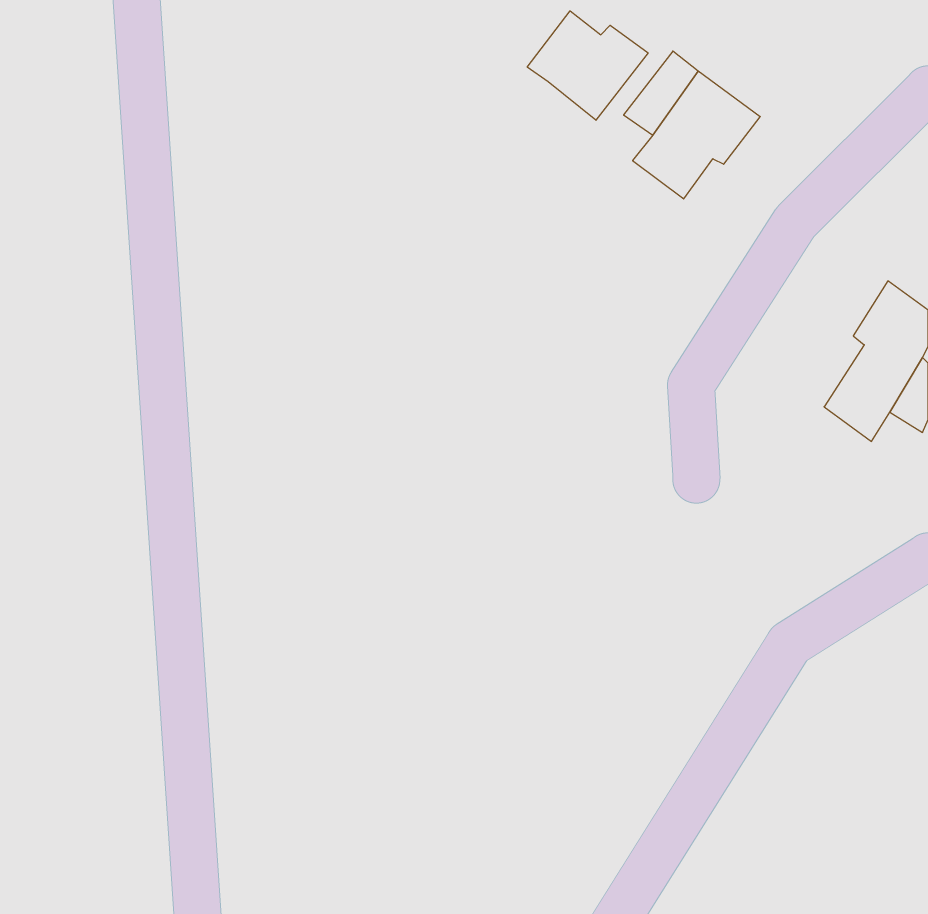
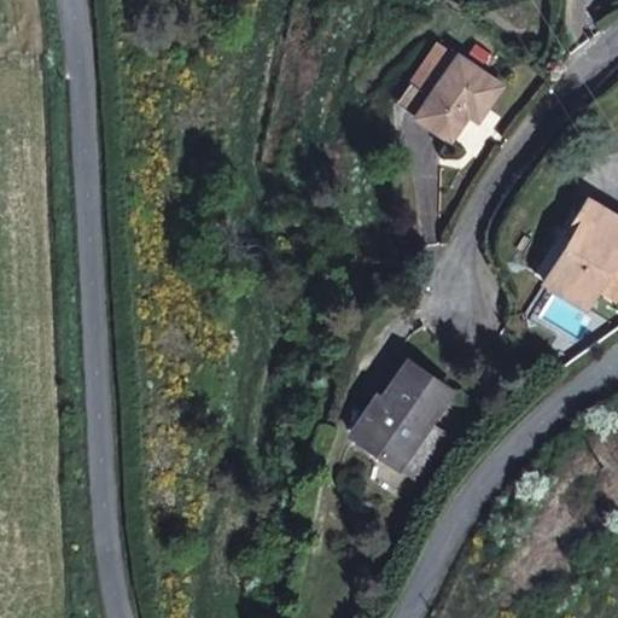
building: [527,11,648,120] -> none
building: none -> [361,363,449,468]

